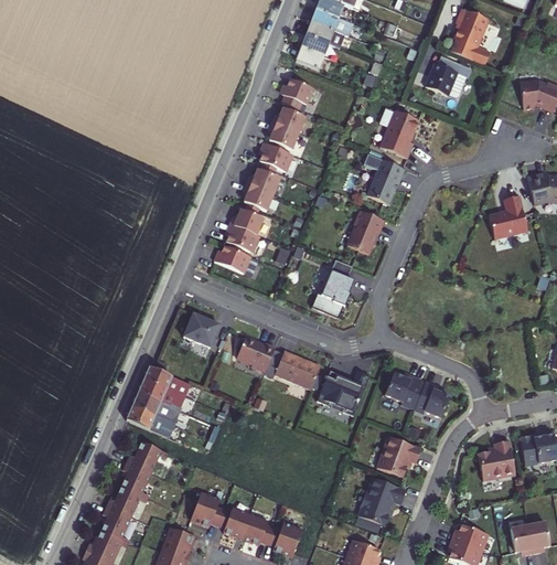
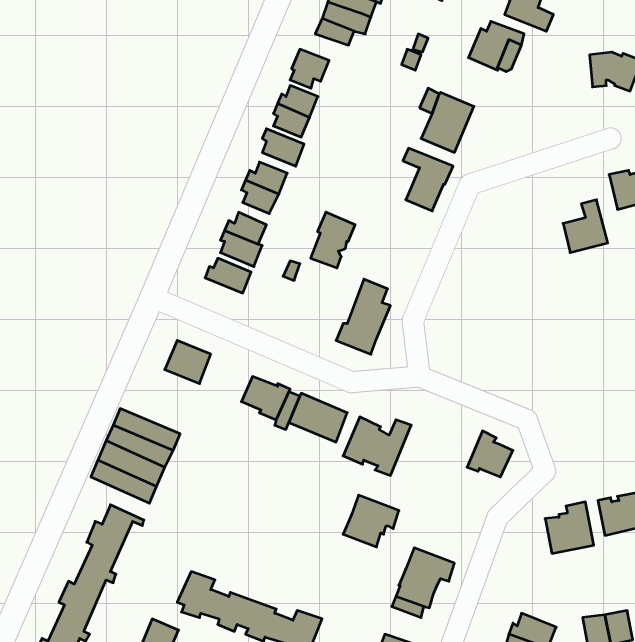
building: [352,212,387,256] -> [311,212,355,268]
building: [389,372,427,407] -> none
building: [382,433,426,473] -> [343,495,399,547]

